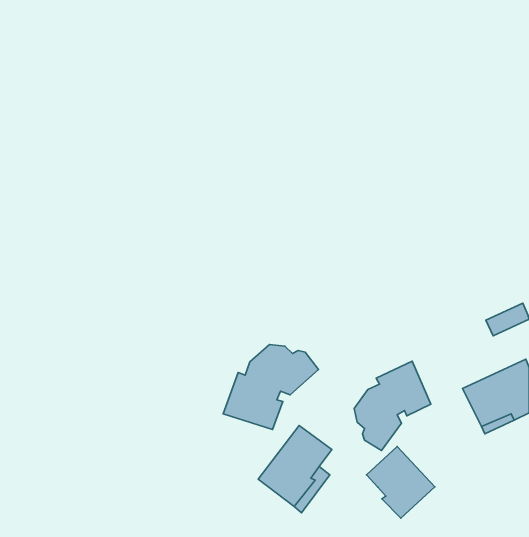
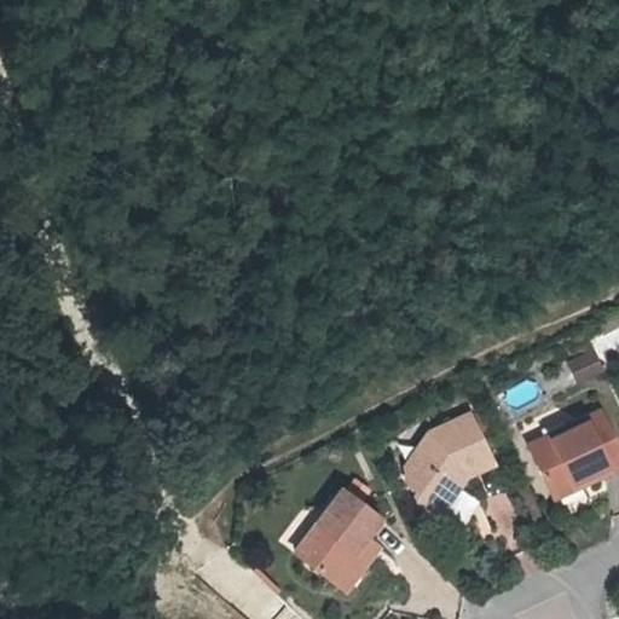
building: [223,344,318,430] -> none
building: [366,447,435,518] -> none

